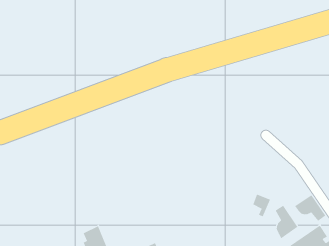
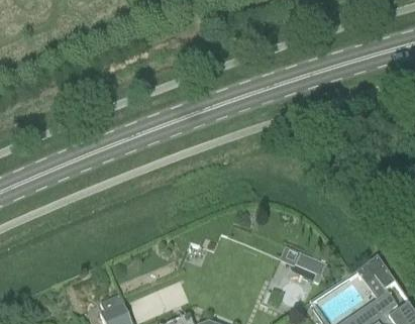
building: [275,205,298,239] -> none

